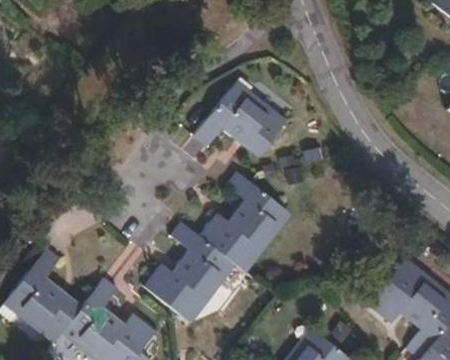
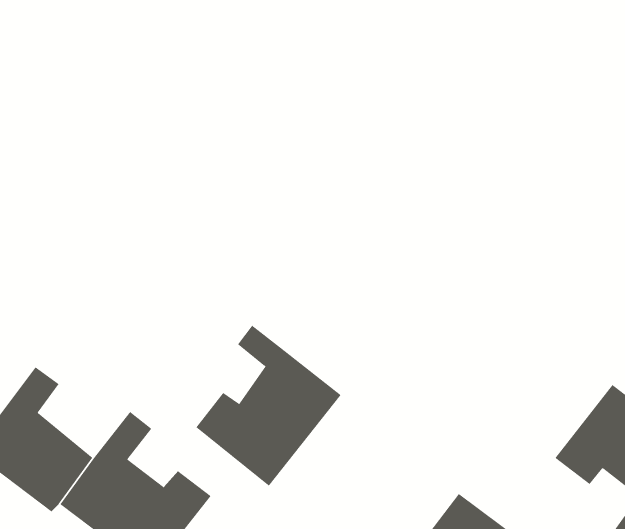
building: [192,82,287,158] -> none
building: [197,170,292,274] -> none

